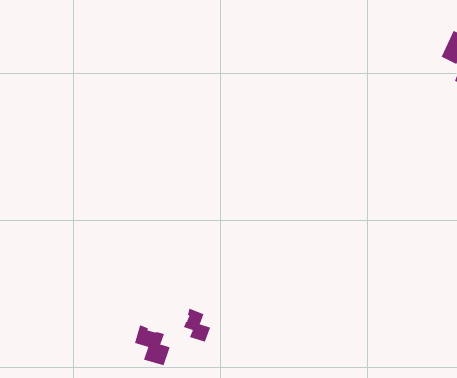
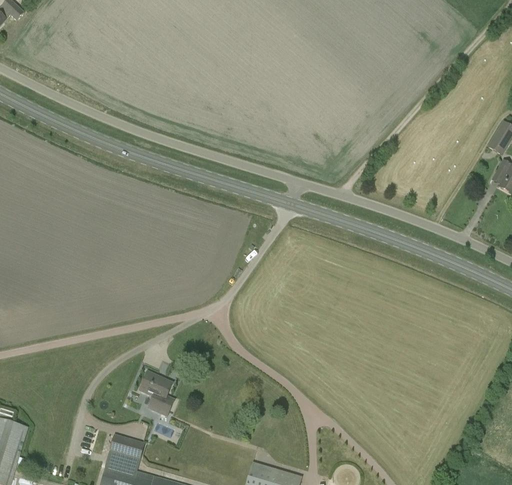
building: [183,308,211,343] -> none

